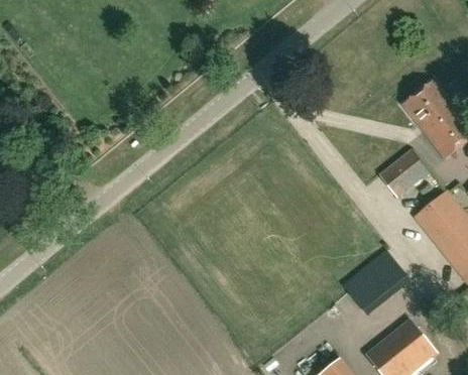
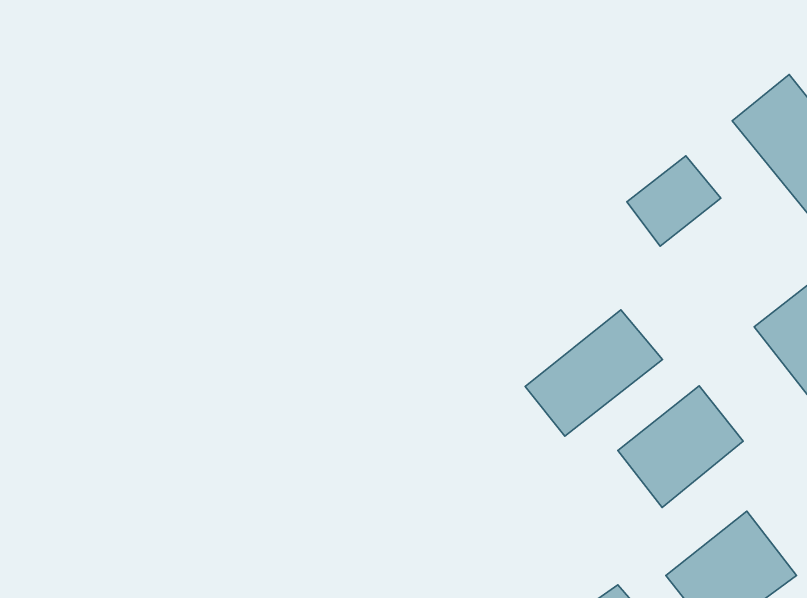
building: [377,148,429,198] -> [627,156,721,246]
building: none -> [525,310,663,436]

